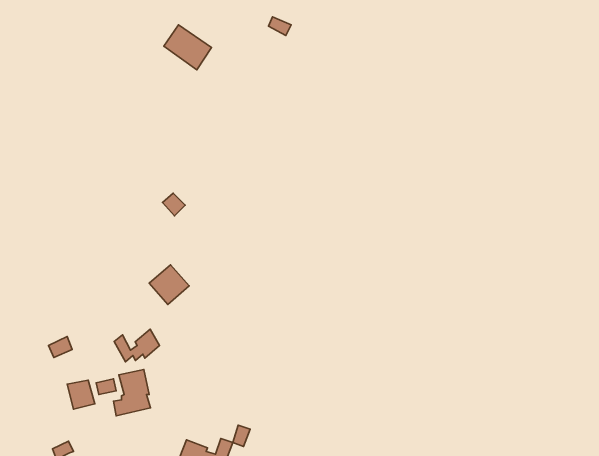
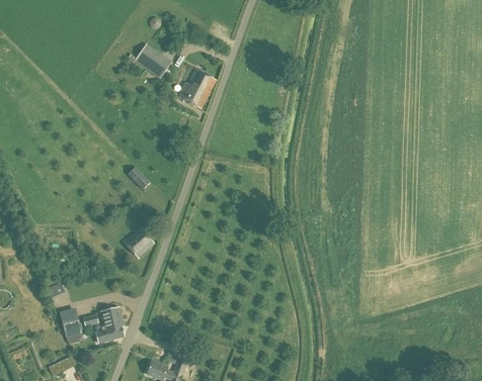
building: none -> [177,69,215,106]
building: [114,329,160,362] -> none

